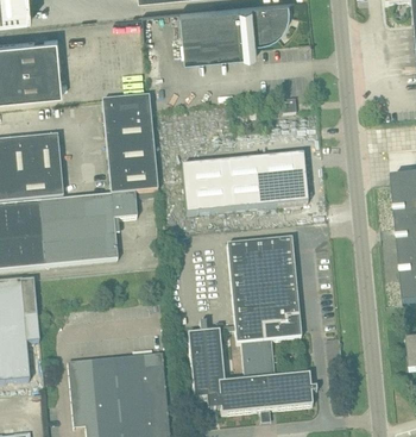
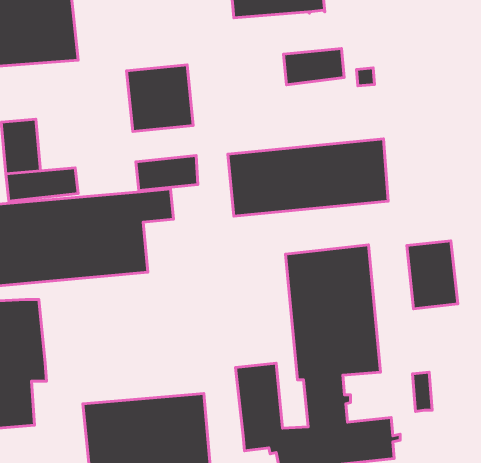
building: none -> [284,49,344,85]
building: [30,133,61,177] -> none
building: [106,142,156,170] -> none
building: none -> [407,241,458,309]

